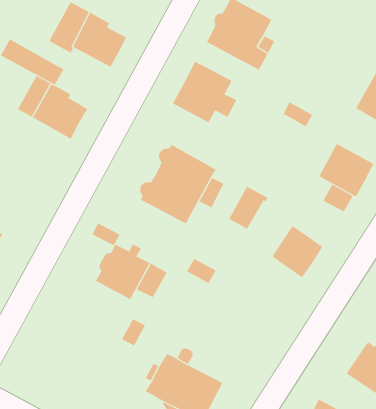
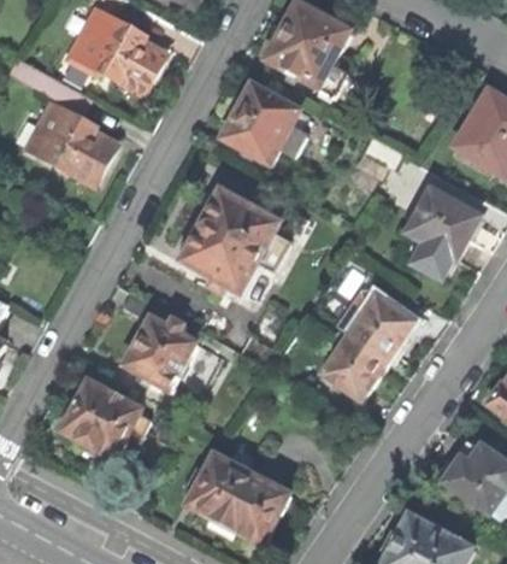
building: [229,186,268,230] -> none
building: none -> [322,331,389,400]
building: none -> [63,378,142,458]

